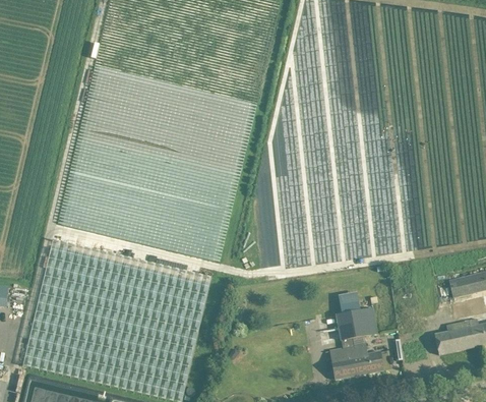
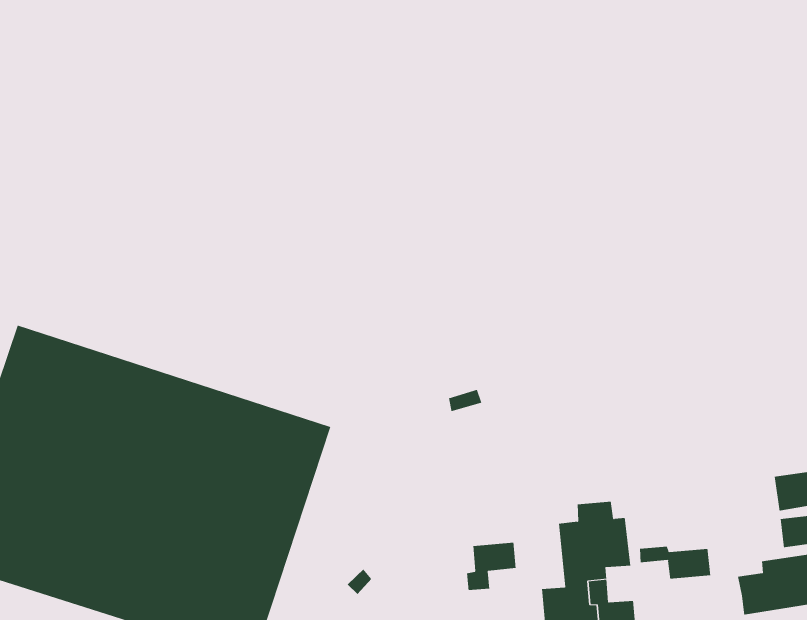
building: none -> [640,546,711,580]
building: none -> [466,542,516,591]

